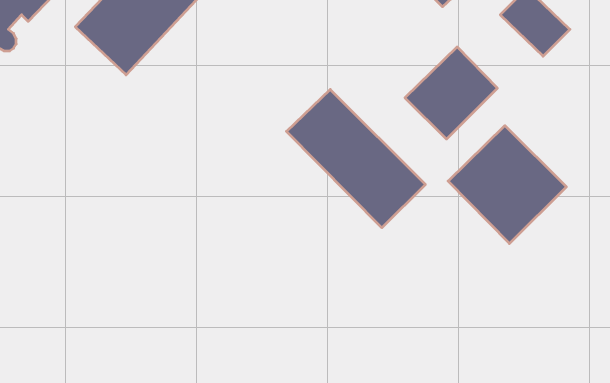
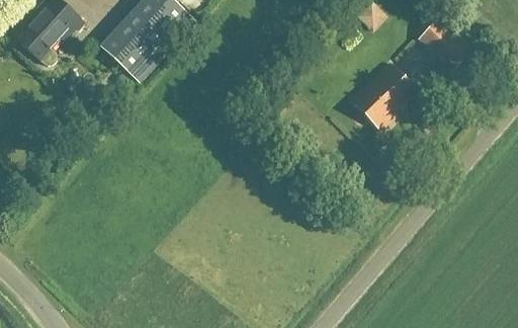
building: [286,89,425,228] -> none
building: [448,126,566,244] -> none

